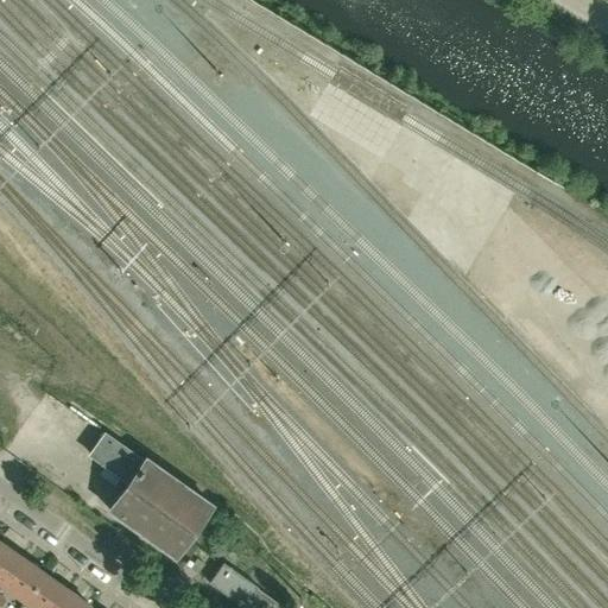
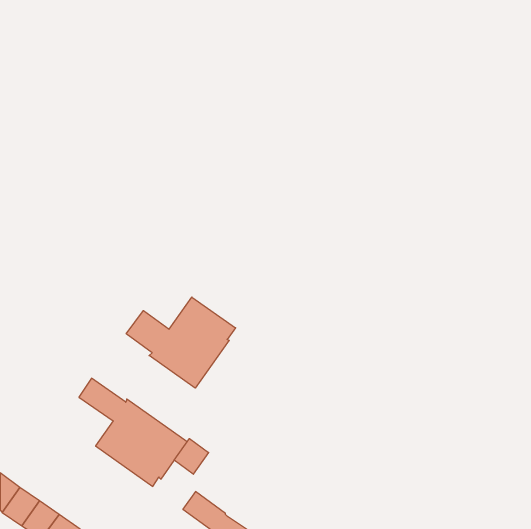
building: none -> [126,297,236,388]
building: none -> [174,439,209,474]

